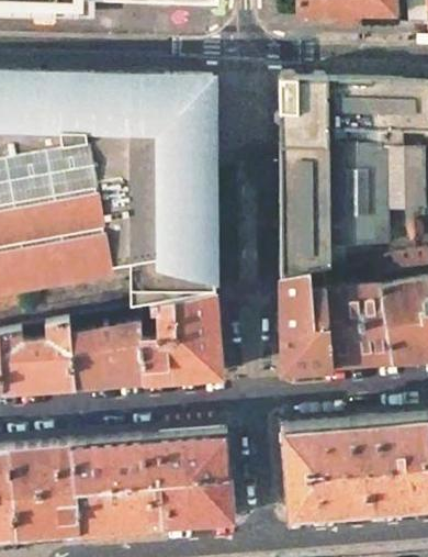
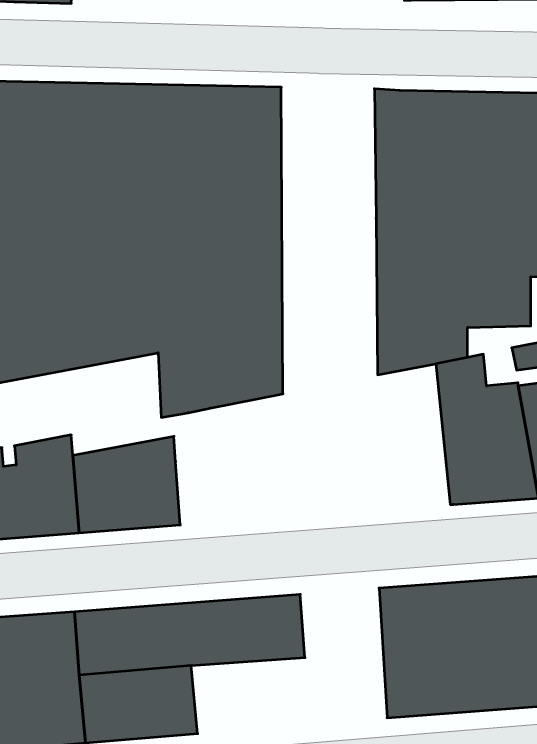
building: [281,275,331,376] -> none
building: [140,296,222,387] -> none
building: [151,479,234,532] -> none

